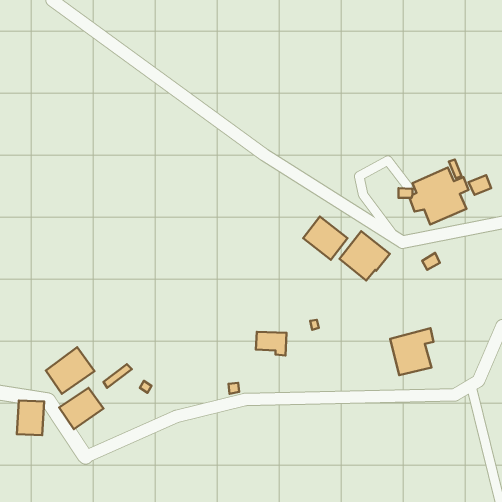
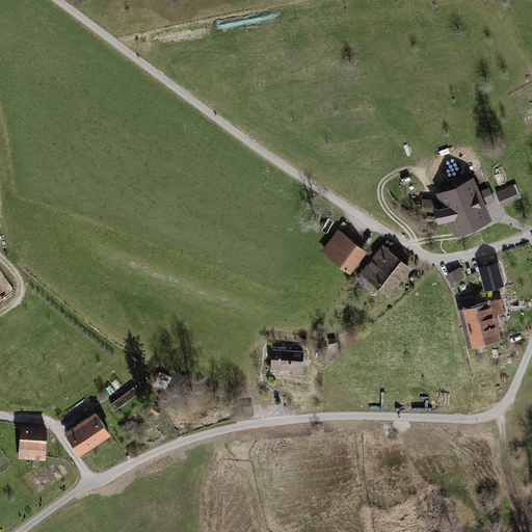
building: none -> [477,263,504,292]
building: [390,328,434,375] -> [458,299,504,349]
building: [46,347,94,394] -> none

